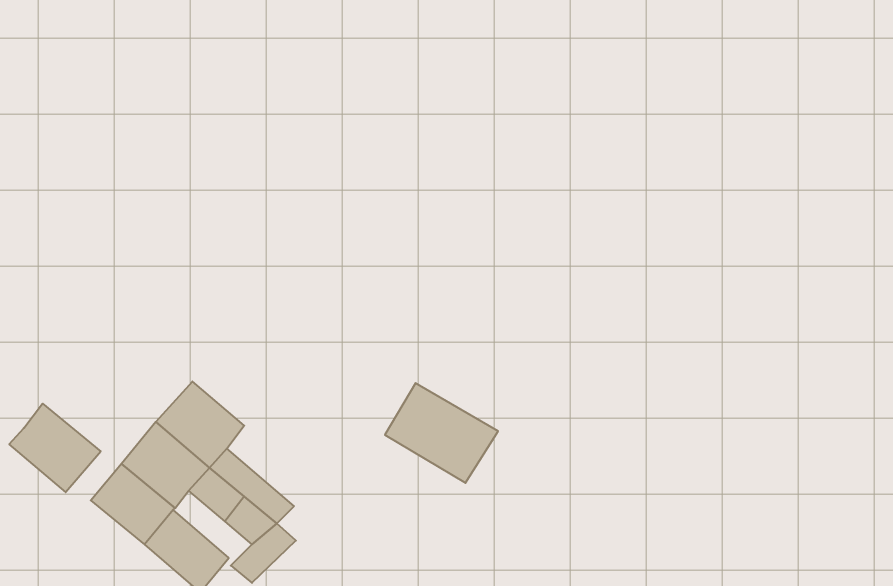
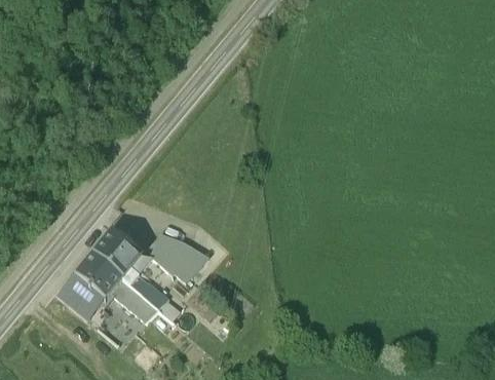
building: [385,383,498,483] -> [145,228,205,281]
building: [9,404,101,492] -> none

